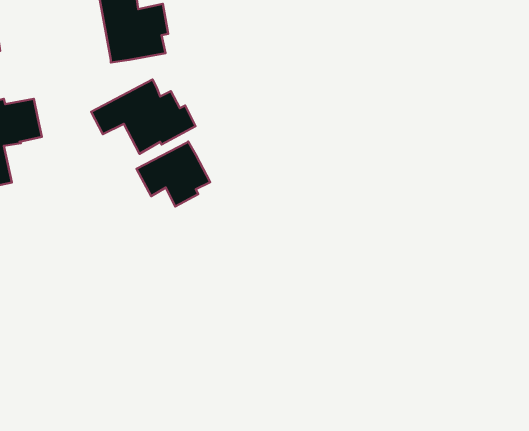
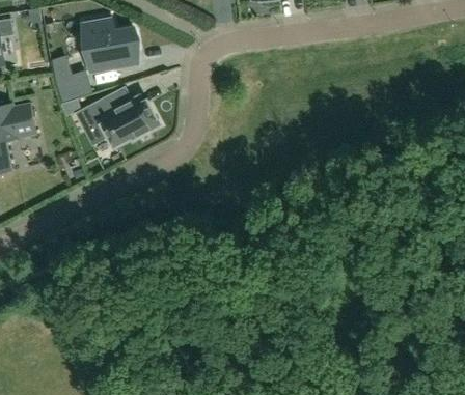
building: none -> [56,72,91,101]
building: [137,141,210,206] -> none

